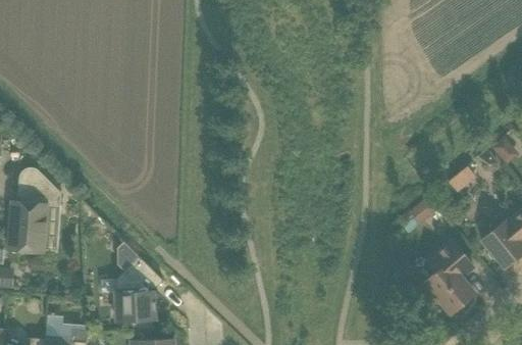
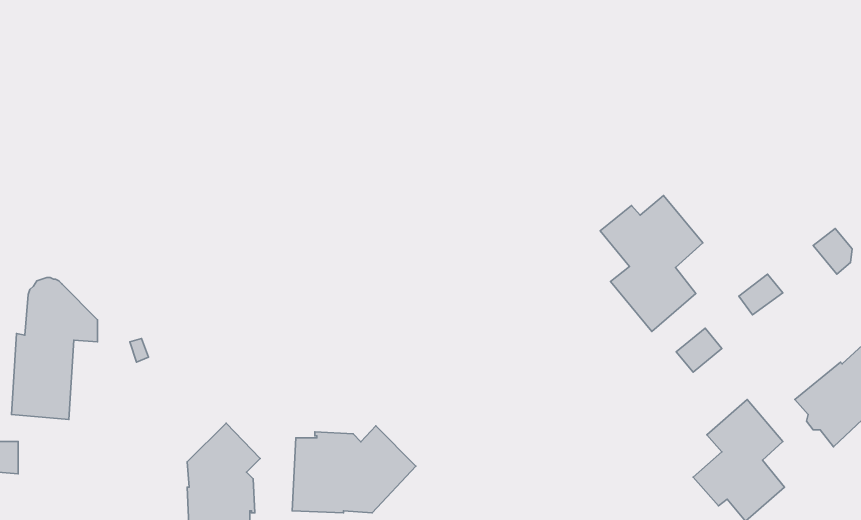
building: none -> [600,195,703,331]
building: none -> [292,426,416,513]

